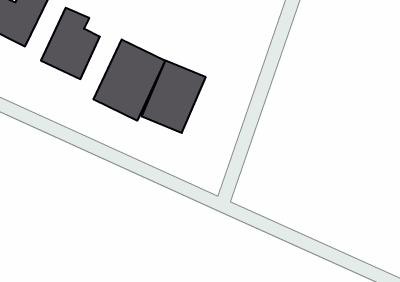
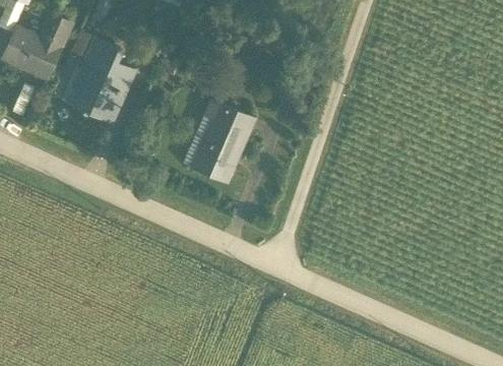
building: [94,39,165,121] -> none

